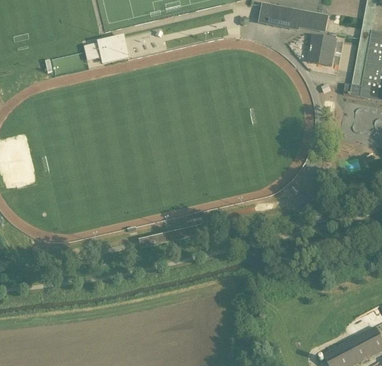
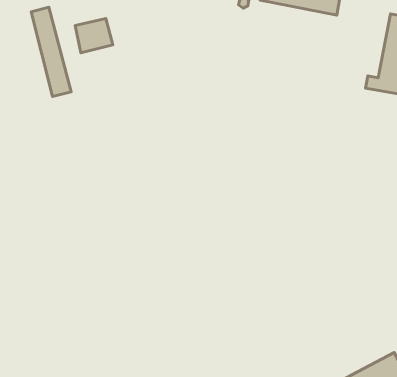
building: none -> [31,7,71,96]
building: [306,36,333,67] -> none

